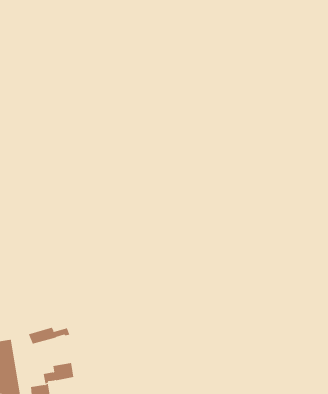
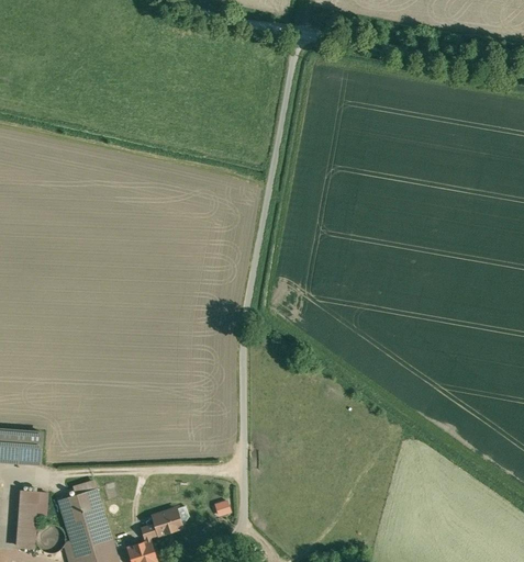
building: [28,327,70,345] -> none

